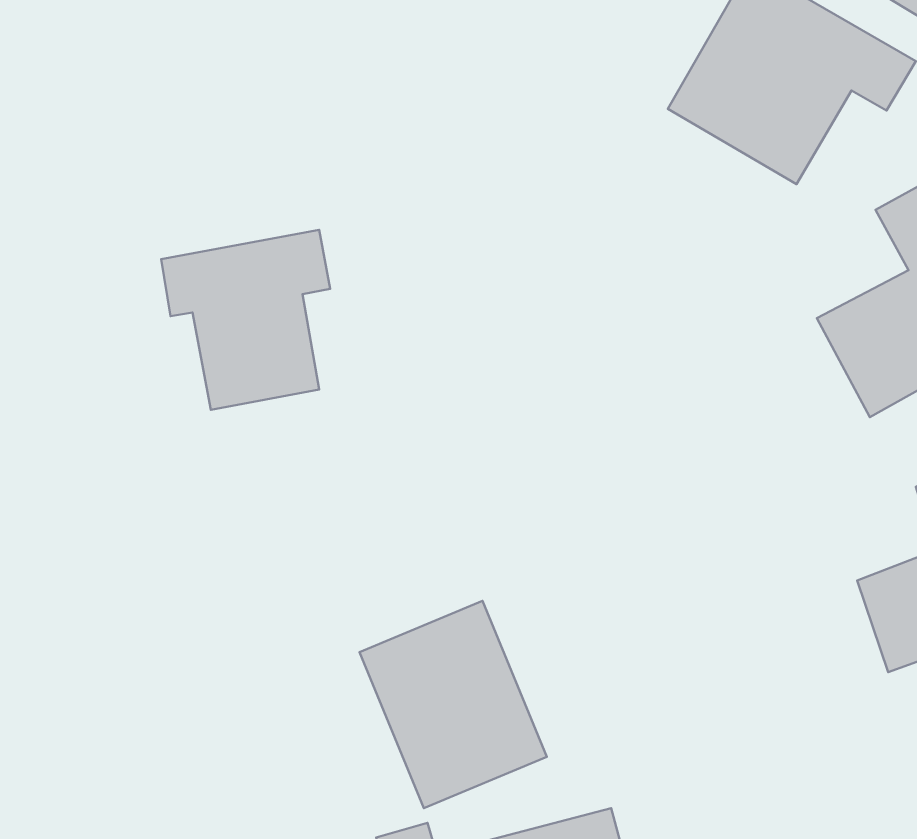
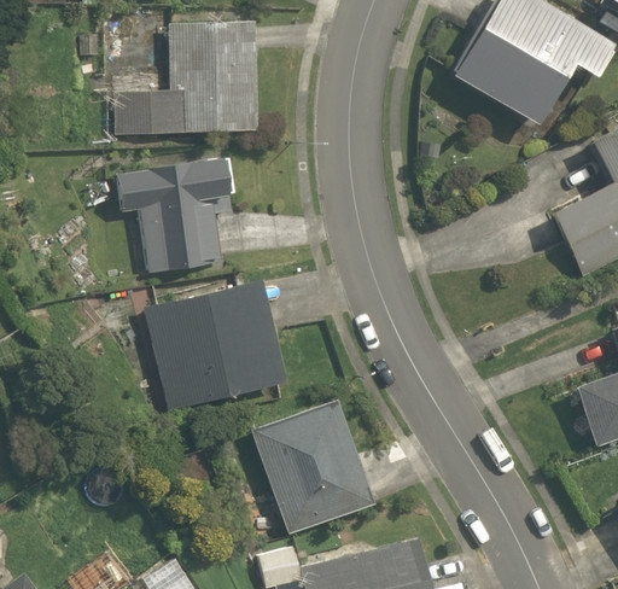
building: none -> [117,22,257,135]
building: none -> [146,279,286,410]

